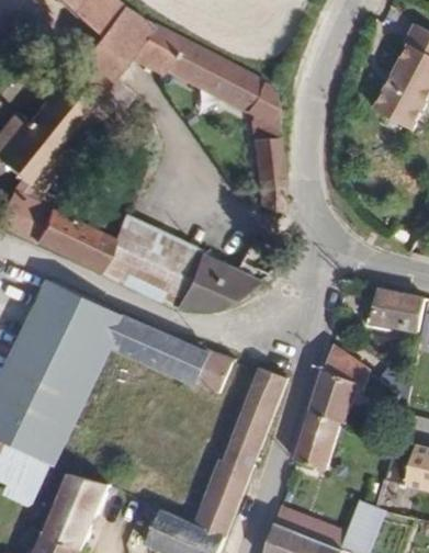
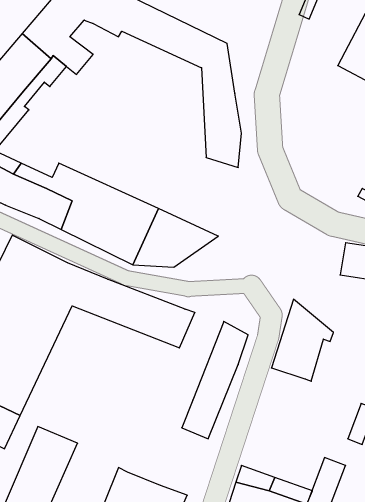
building: [293,409,342,471] -> none
building: [199,469,246,535] -> none

